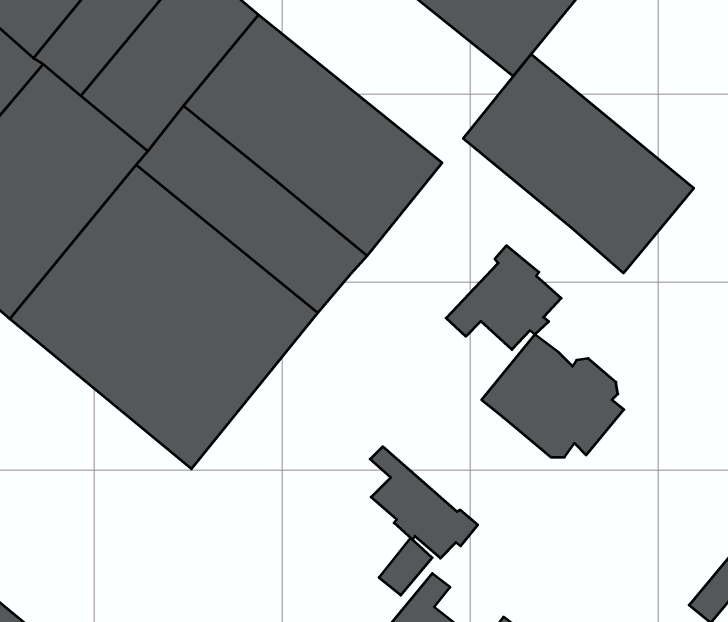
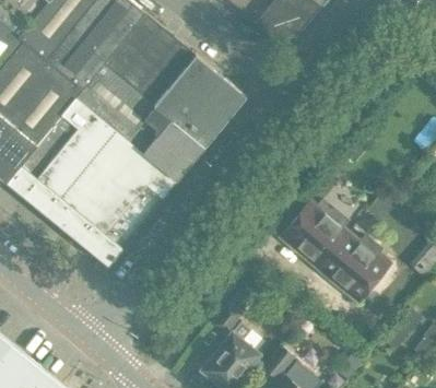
building: [463,54,694,273] -> none
building: [446,246,561,350] -> none
building: none -> [326,232,389,297]
building: [370,447,478,558] -> none

